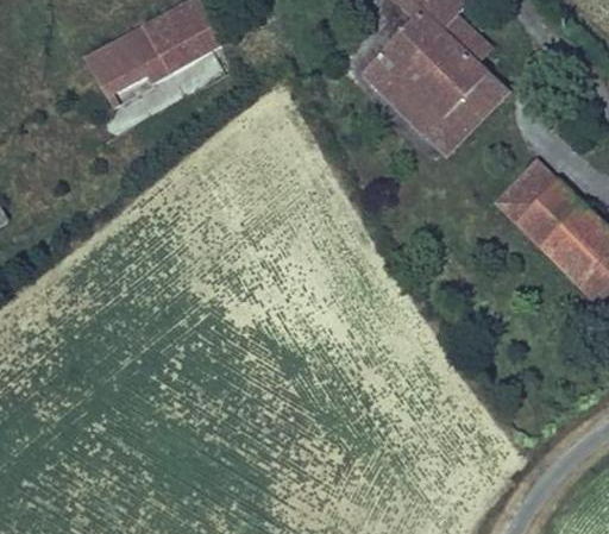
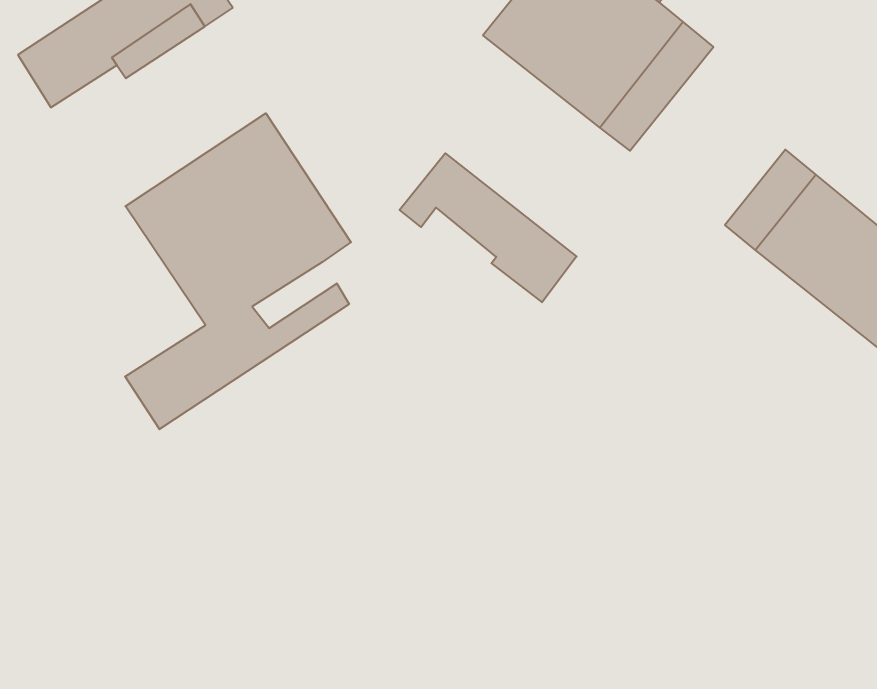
building: none -> [125,113,351,429]
building: none -> [400,153,577,302]

